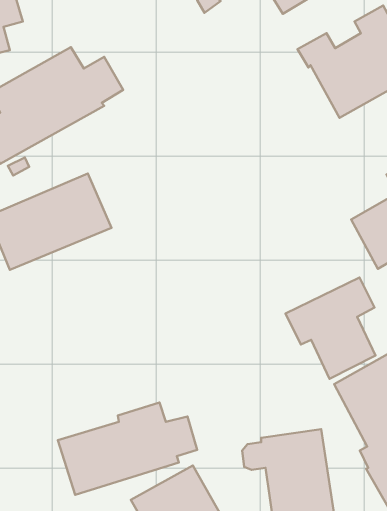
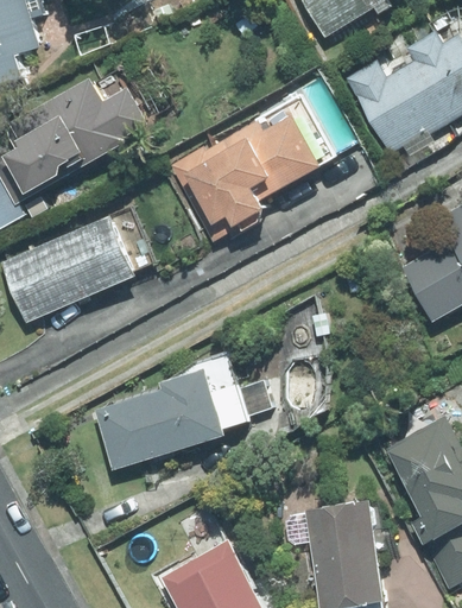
building: none -> [169,114,322,241]
building: [286,278,376,379] -> none
building: [58,403,197,495] -> [93,368,247,470]

